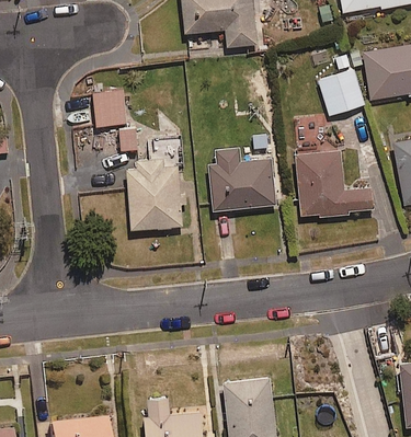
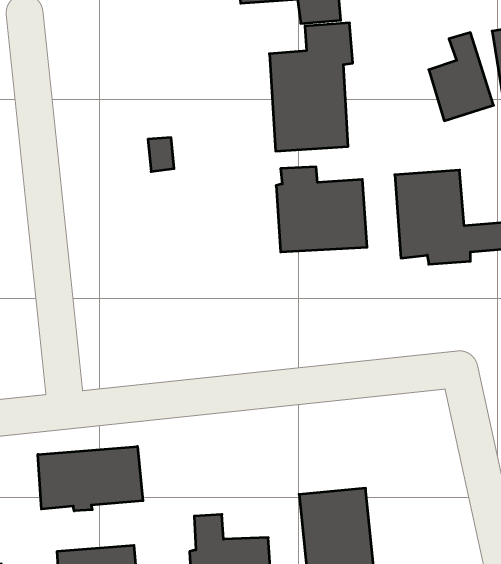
building: [92,92,125,126] -> none
building: [124,139,183,230] -> [269,23,353,151]
building: none -> [38,446,143,511]

